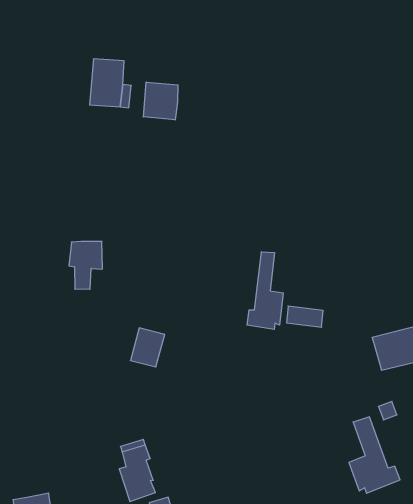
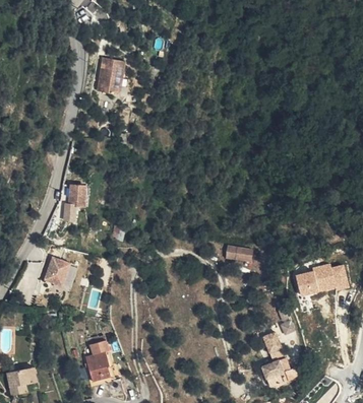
building: [143,82,178,120] -> none
building: [247,252,283,329] -> none
building: [130,328,165,367] -> [51,258,77,287]

